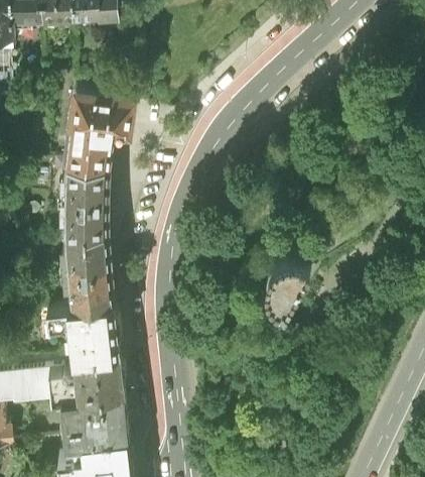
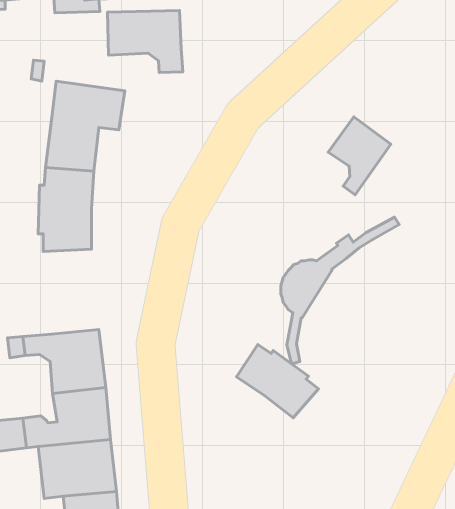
building: none -> [108,11,183,72]
building: none -> [328,117,391,195]
building: [59,234,110,307] -> none
building: none -> [237,345,319,418]

